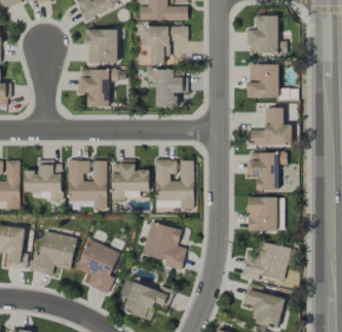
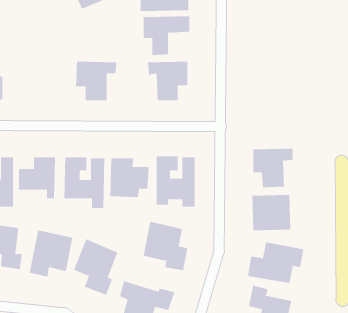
building: [248,15,278,53] -> none
building: [86,29,118,63] -> none
building: [248,64,279,98] -> none
building: [246,108,292,145] -> none

